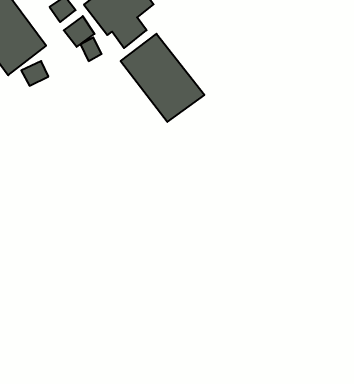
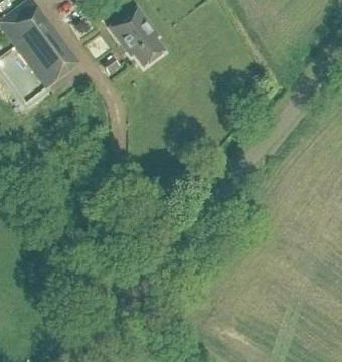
building: [121,34,204,122] -> none

